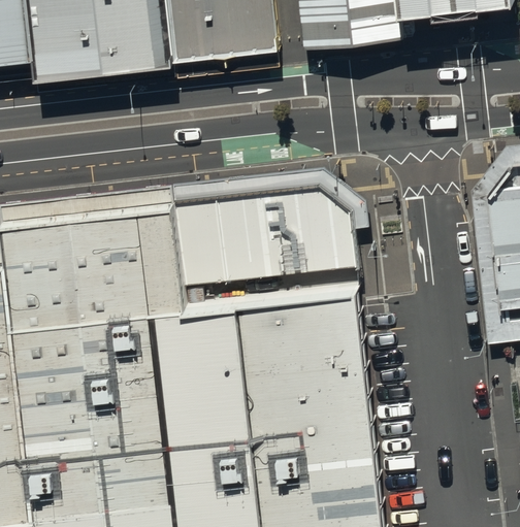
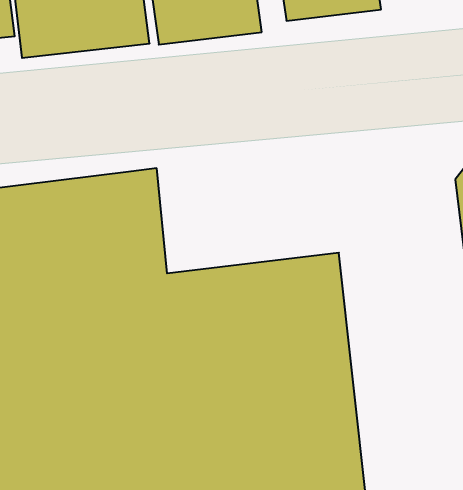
building: [173,175,356,296] -> none

